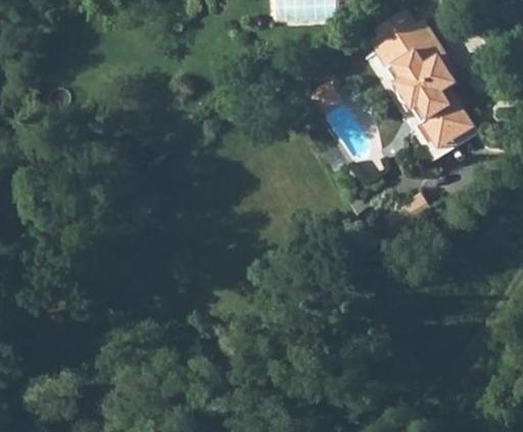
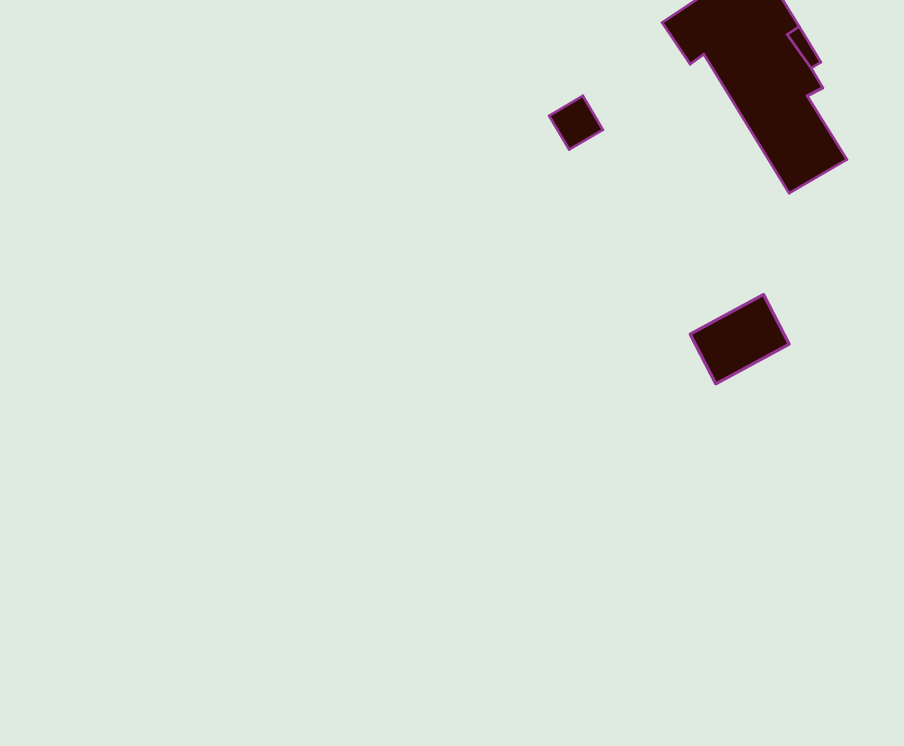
building: [387,68,472,151] -> none

